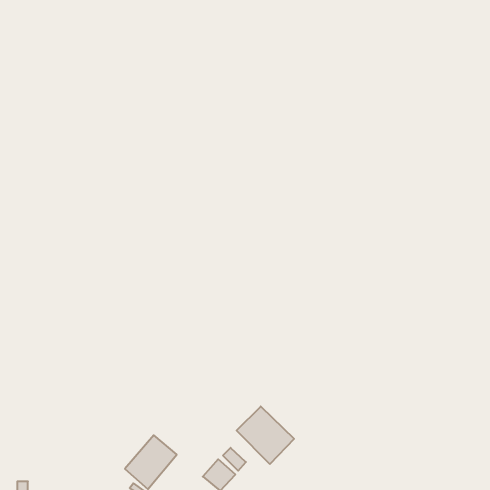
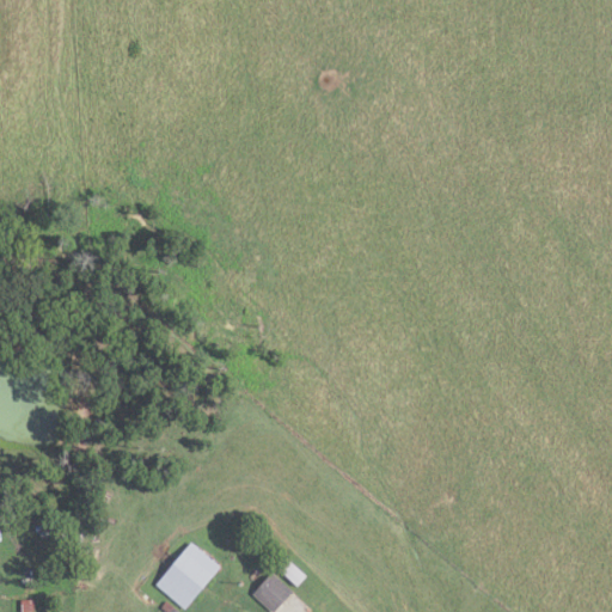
building: [237,406,294,464] -> none

